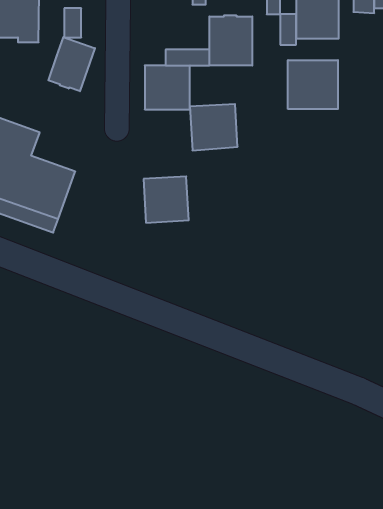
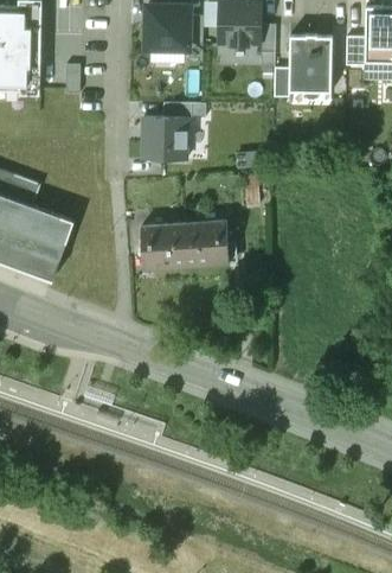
building: [209,15,252,66] -> none
building: [48,37,95,91] -> none
building: [288,60,338,109] -> none
building: [190,104,238,150] -> [182,224,229,269]

